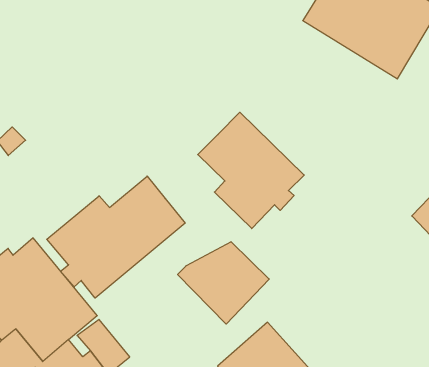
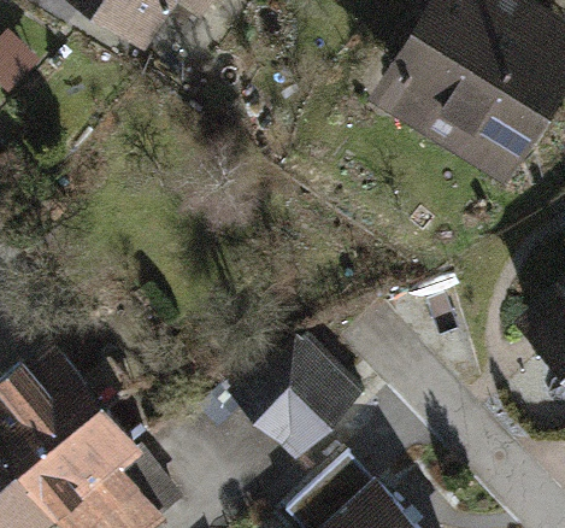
building: [198,112,304,229] -> none
building: [47,176,185,298] -> none

